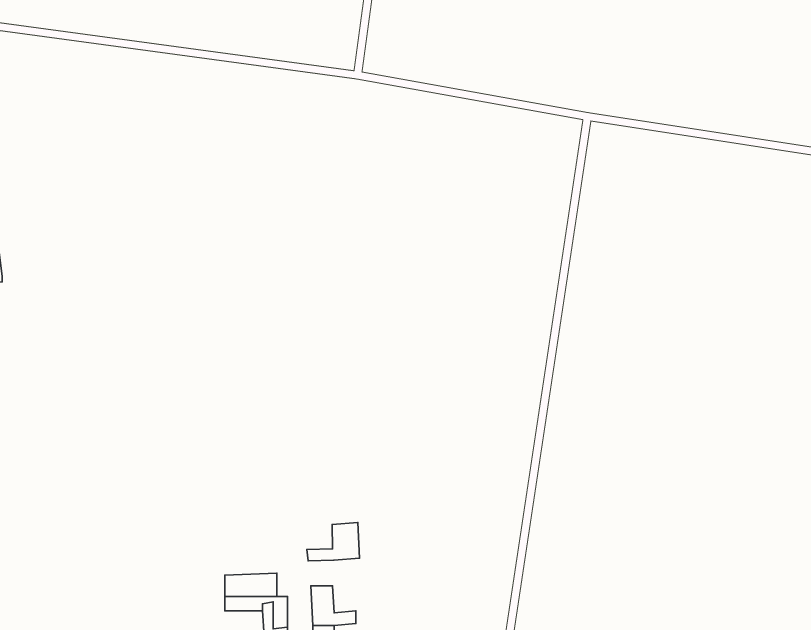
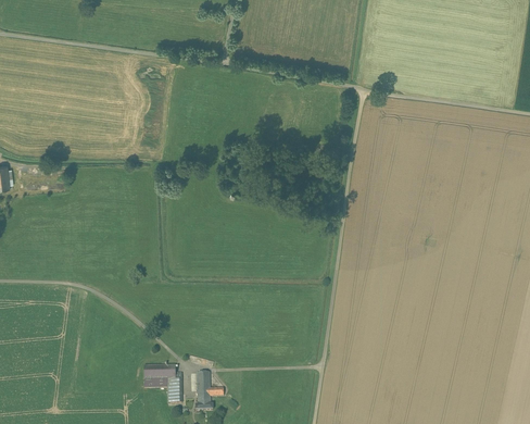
building: [307,523,360,561] -> none

